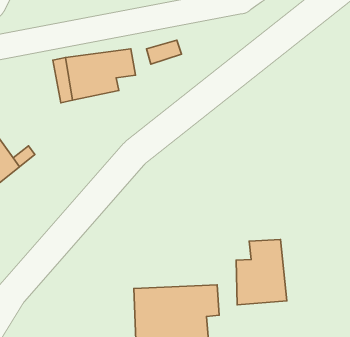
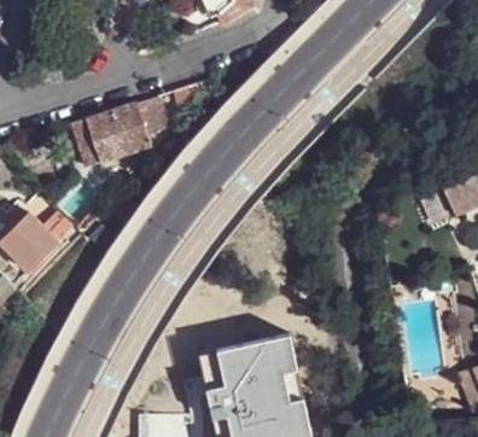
building: [236,239,287,305] -> none

